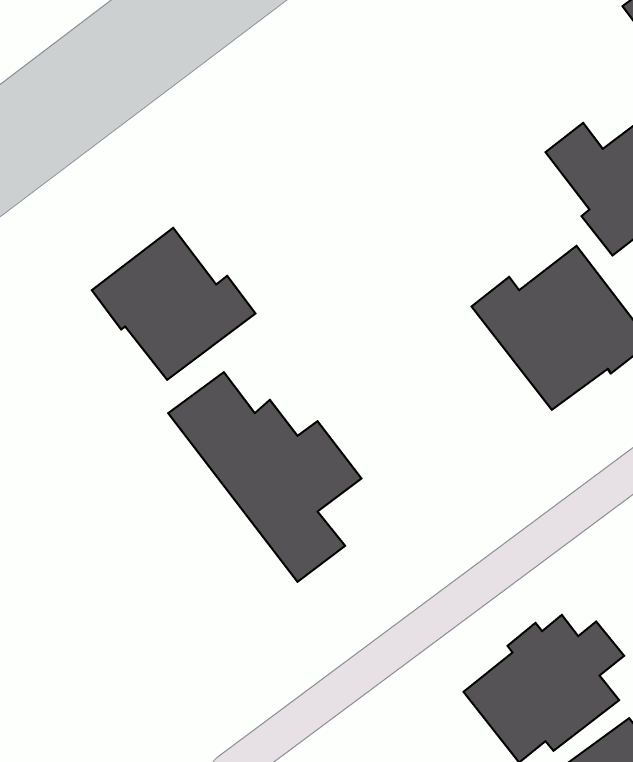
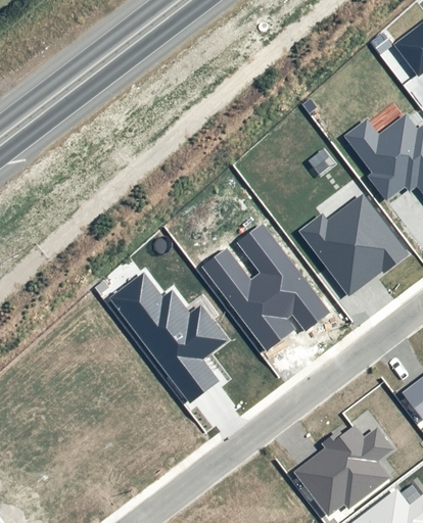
building: [92,228,255,380] -> none
building: none -> [200,224,330,349]

